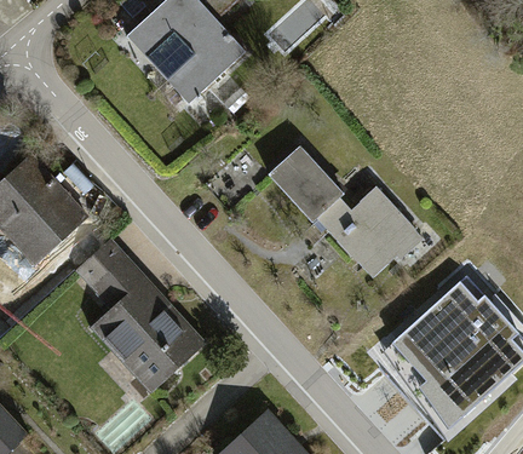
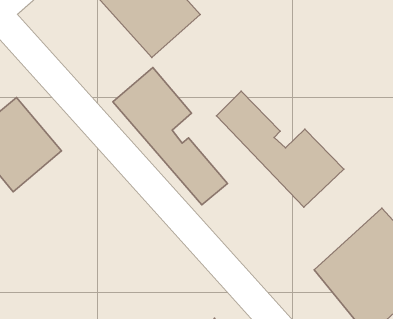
building: none -> [113,67,227,205]
building: [75,236,206,395] -> none

